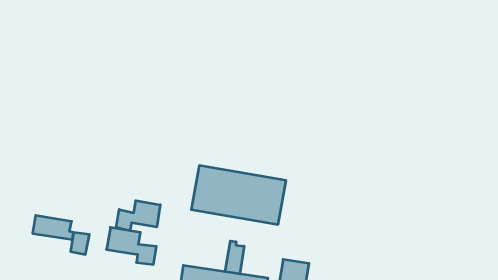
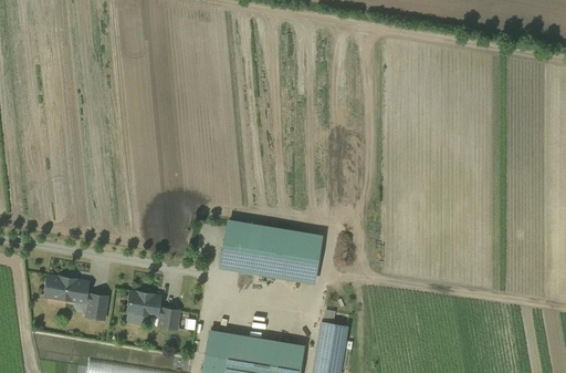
building: [116,201,160,231] -> none
building: [225,241,244,274] -> none

